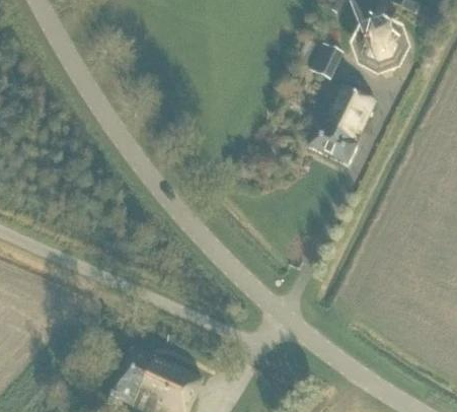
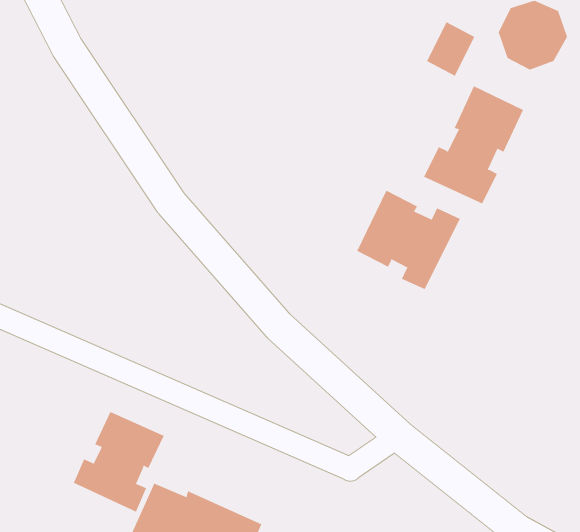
building: none -> [356,190,460,290]
building: none -> [73,411,164,513]

